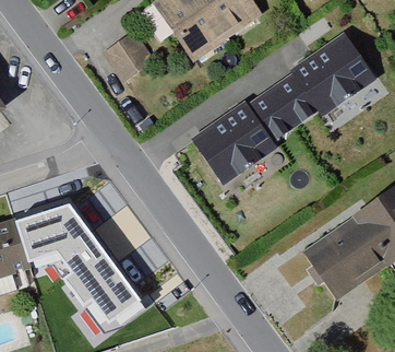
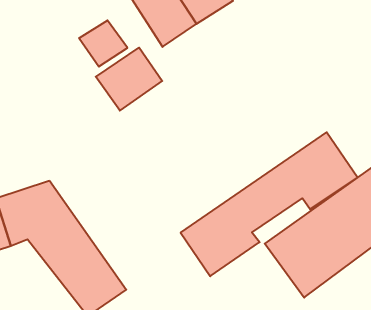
building: [199,28,374,172] -> [181,132,357,276]
building: none -> [96,48,162,111]

